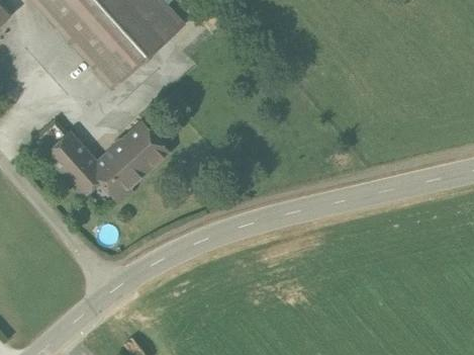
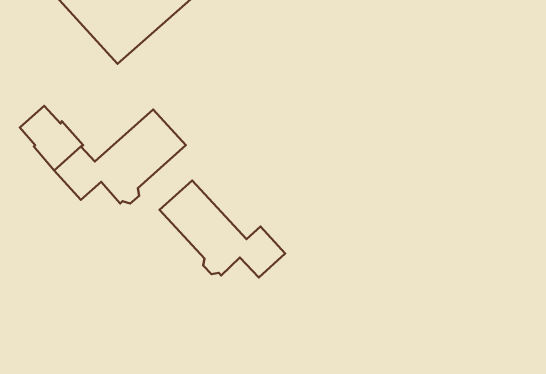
building: none -> [160,181,285,278]

